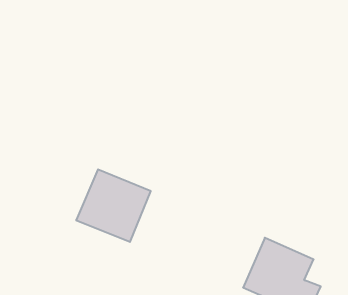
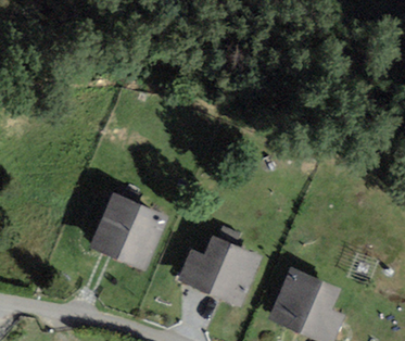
building: none -> [176,235,262,307]

